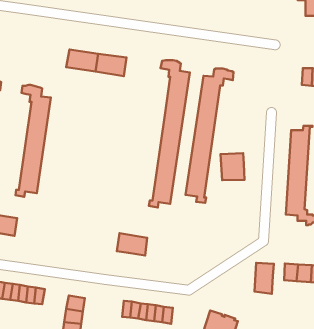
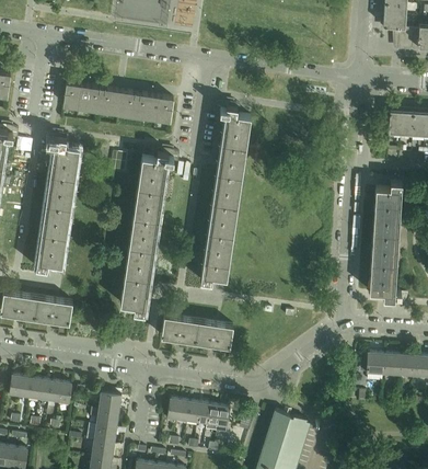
building: none -> [63,83,103,111]
building: [186,69,234,203] -> [120,149,180,314]
building: [221,153,245,180] -> none
building: none -> [35,297,72,324]
building: none -> [196,321,233,347]
building: [254,263,274,294] -> none

